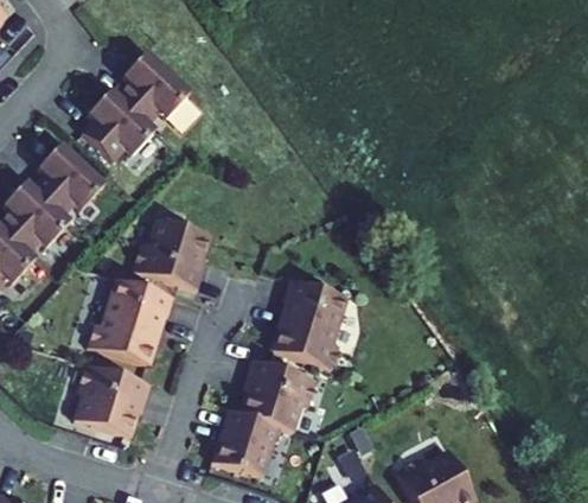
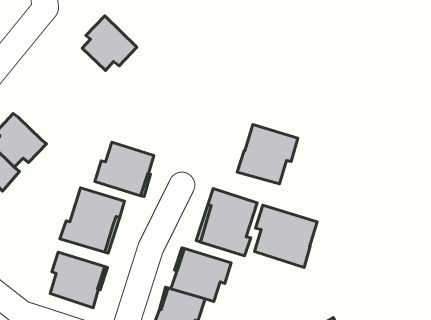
building: [82,89,155,161] -> none
building: [32,142,106,215] -> none
building: none -> [237,124,298,184]
building: none -> [255,205,317,267]

